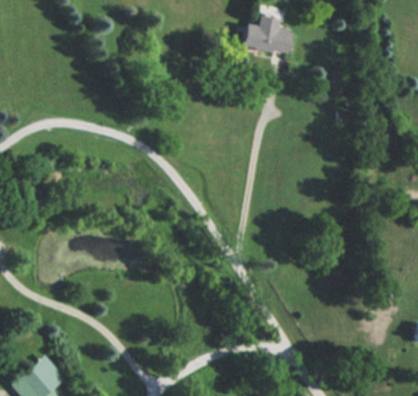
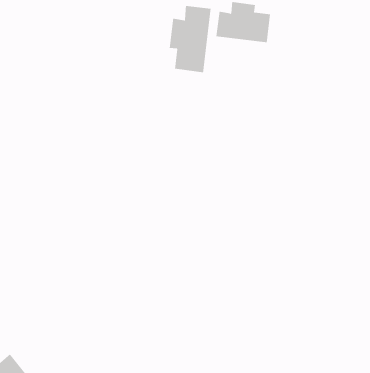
building: none -> [169,5,211,73]

